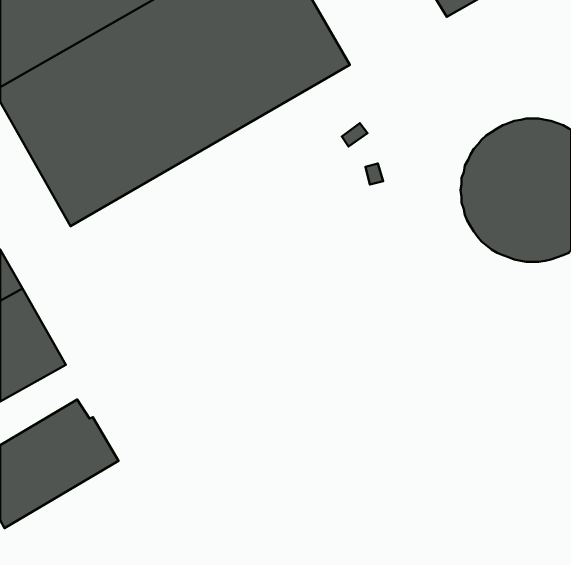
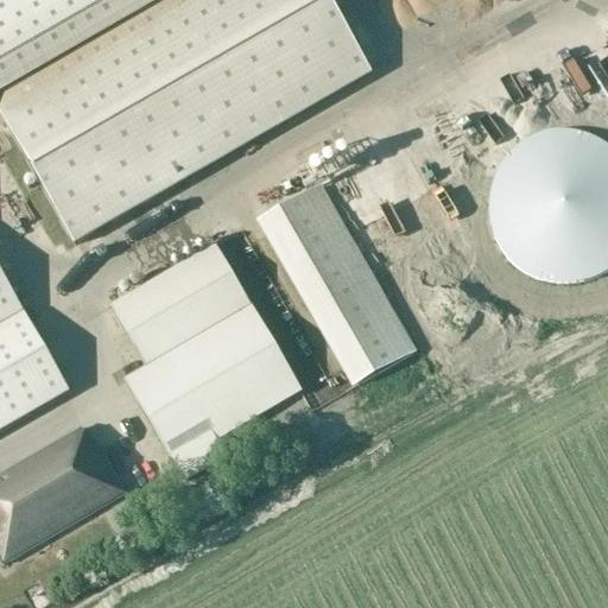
building: none -> [255,178,419,388]
building: none -> [112,243,302,477]

